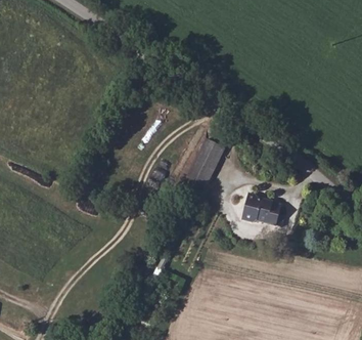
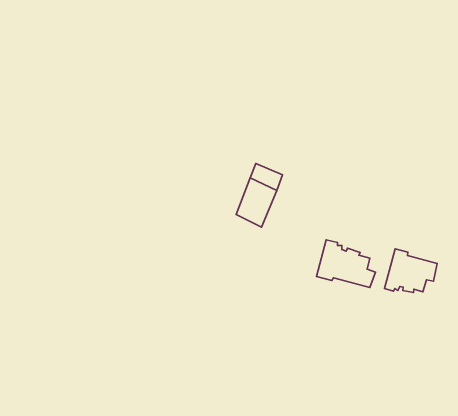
building: none -> [384,249,437,293]

